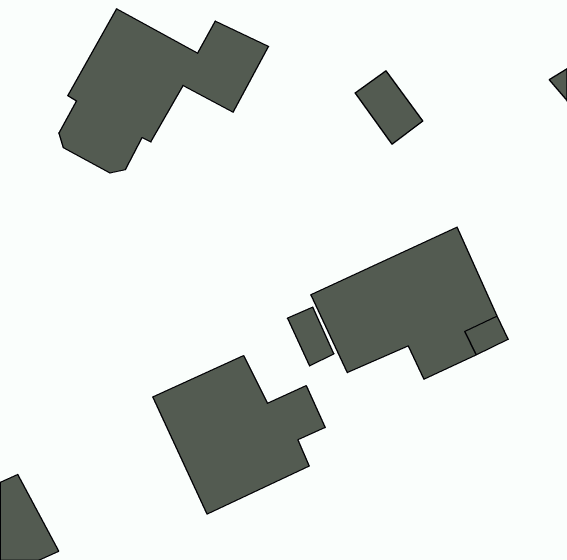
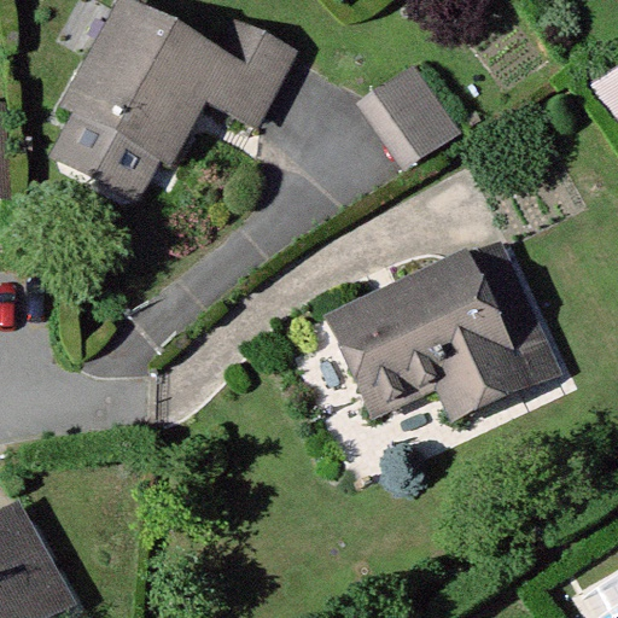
building: [153,356,325,514] -> none

